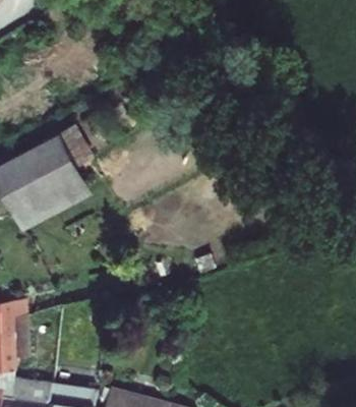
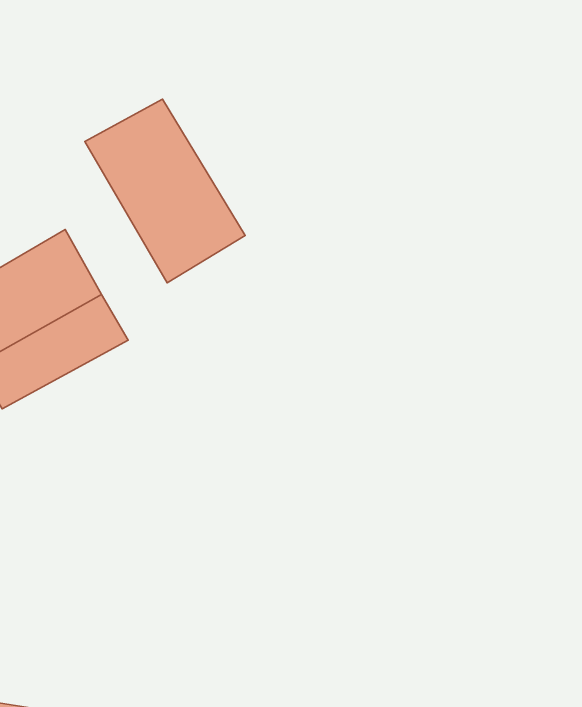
building: none -> [85,99,245,283]

